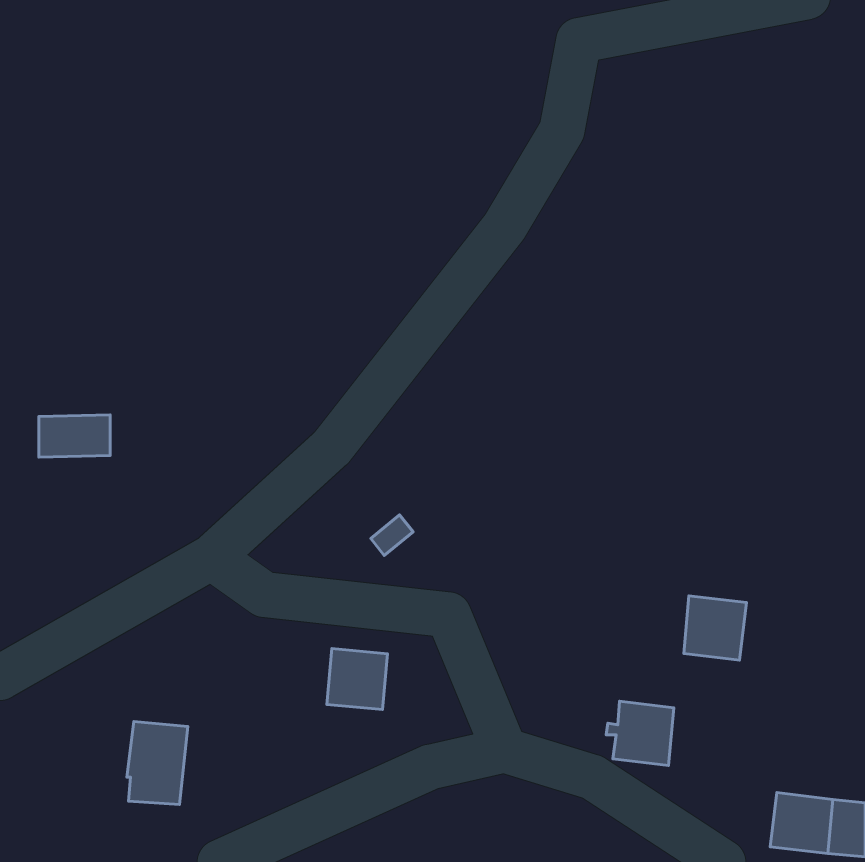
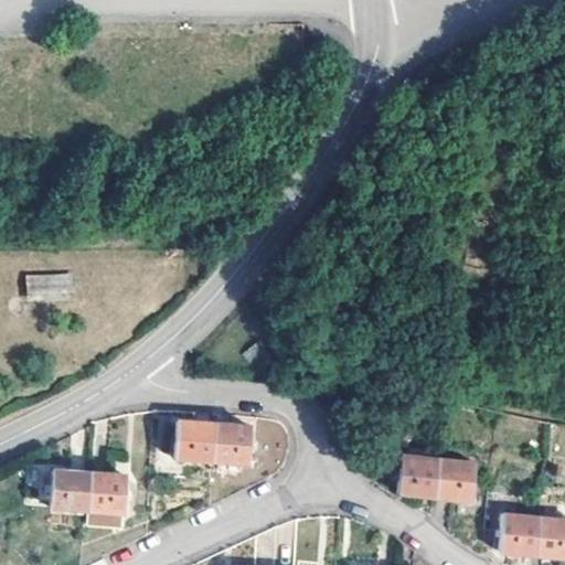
building: [684,596,746,660] -> [436,461,477,503]
building: none -> [177,419,216,459]
building: none -> [46,467,87,507]

